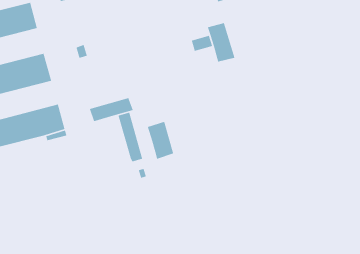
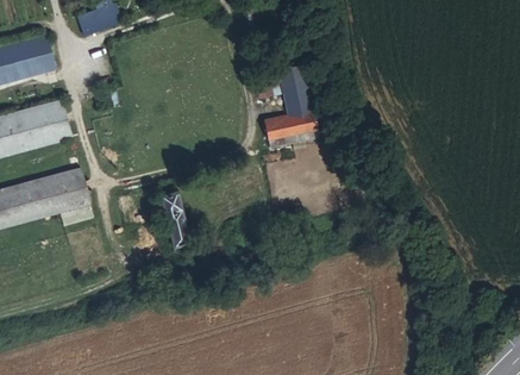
building: none -> [268,108,321,146]
building: [89,97,134,122] -> none
building: [147,121,174,160] -> none

